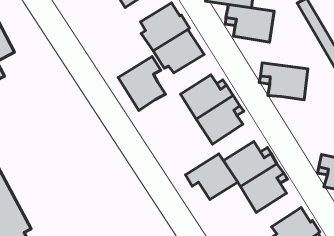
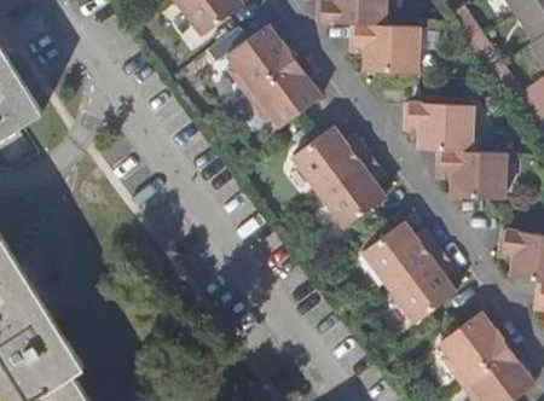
building: [118,56,166,110] -> none
building: none -> [436,150,505,200]
building: [186,154,238,200] -> none

